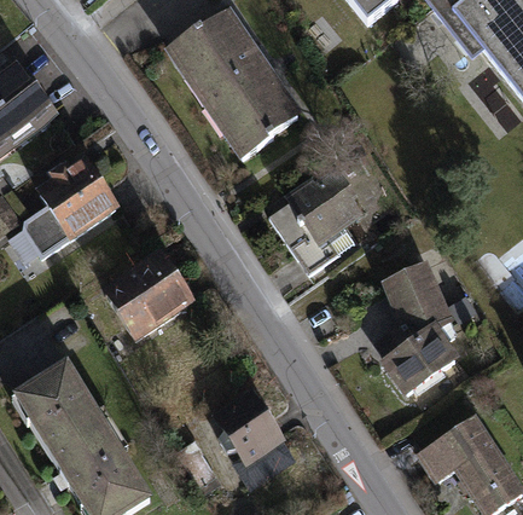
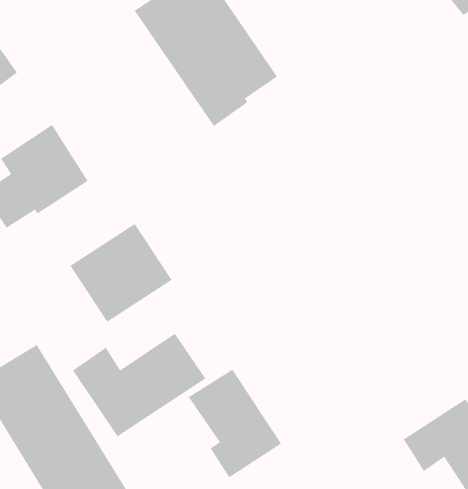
building: [268,162,368,272] -> none
building: [379,260,459,395] -> none
building: none -> [72,333,206,437]

